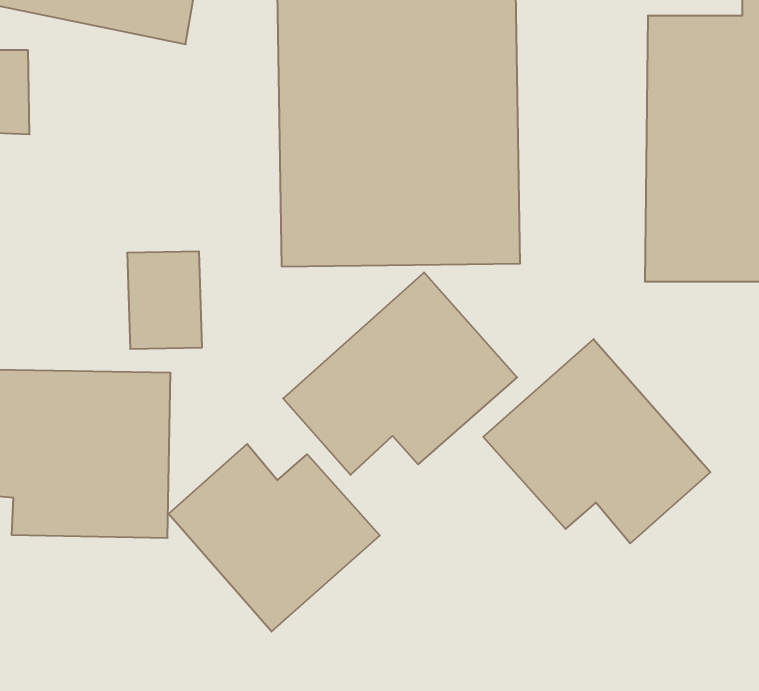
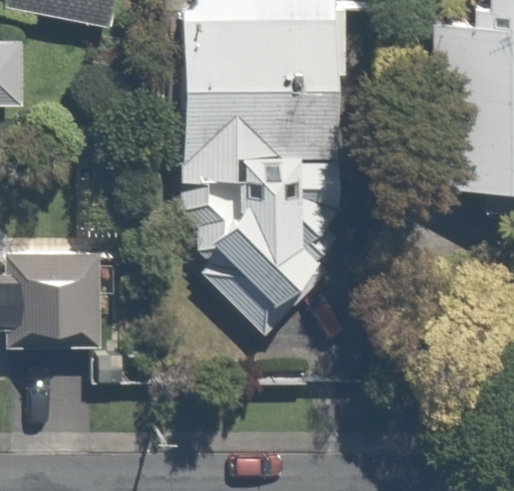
building: [483,339,710,543] -> none
building: [168,444,380,632] -> none

